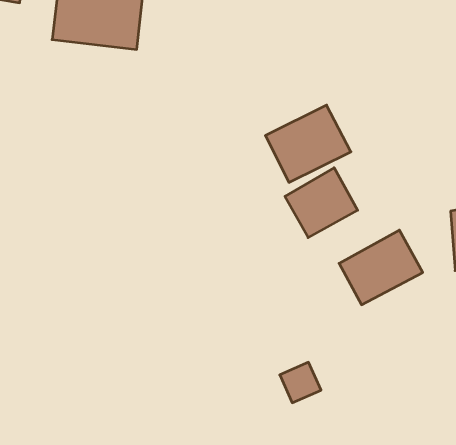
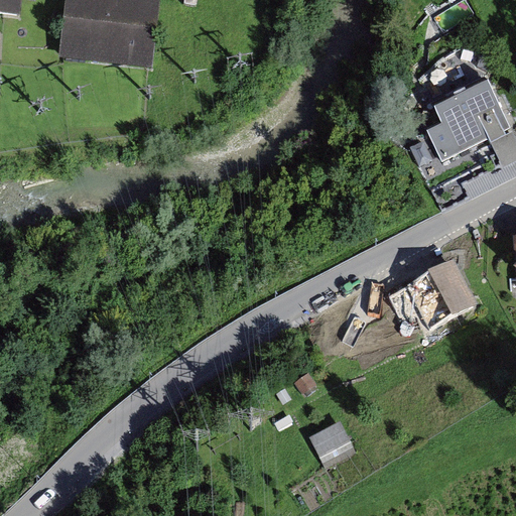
building: [265,105,351,182] -> [414,83,510,169]
building: [285,168,358,238] -> none

